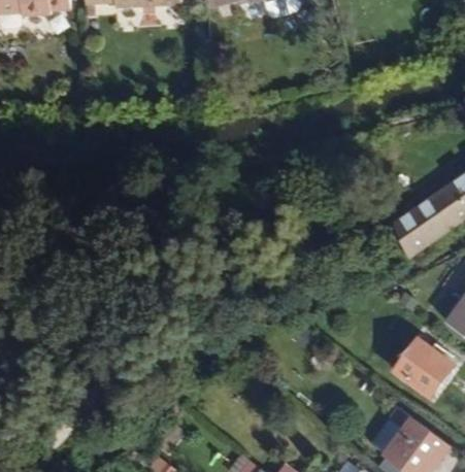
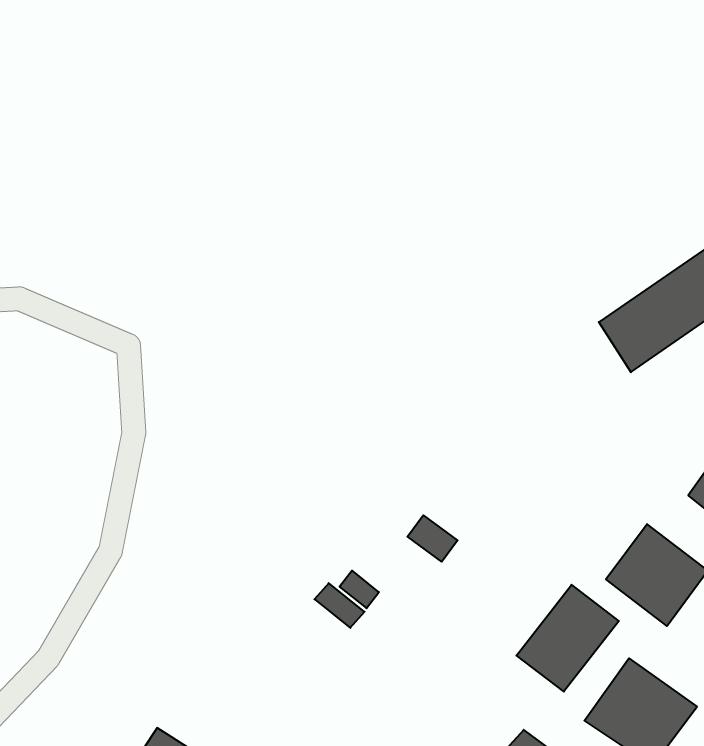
building: none -> [516,585,619,692]

